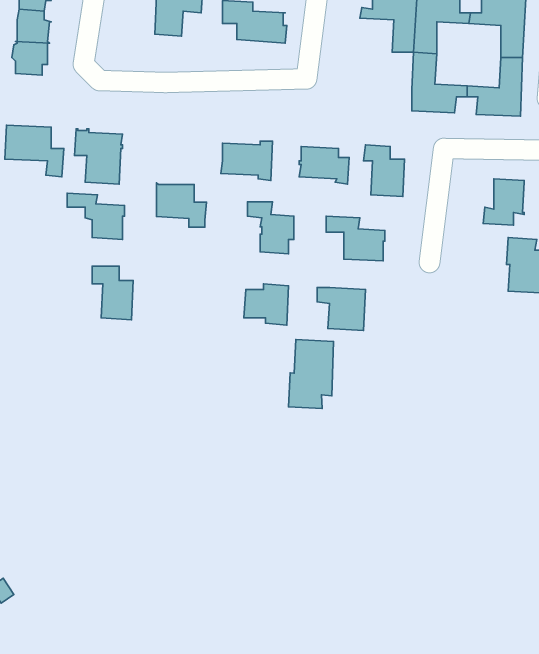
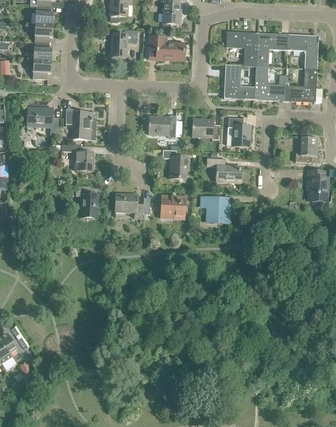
building: none -> [223,64,254,98]
building: [157,183,207,227] -> [115,192,143,217]
building: [288,339,334,408] -> none

